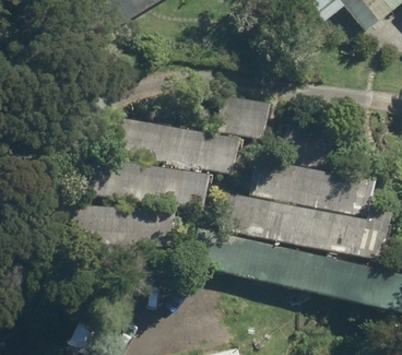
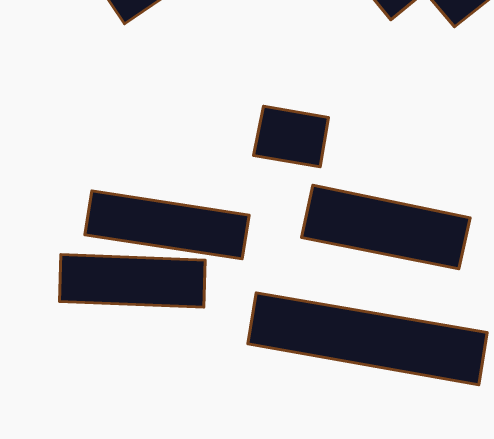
building: [95,114,244,176] -> none
building: [228,193,392,259] -> none

